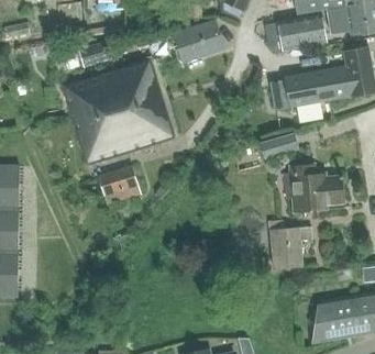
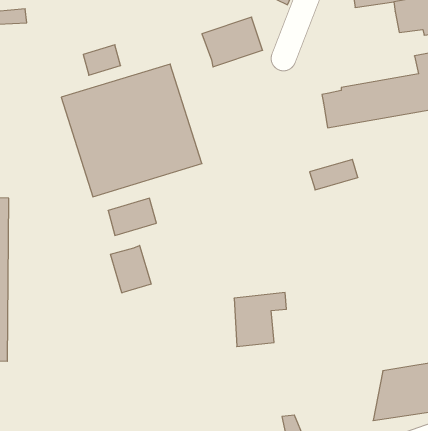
building: [278,13,326,49] -> none
building: [285,164,344,212] -> none
building: none -> [110,245,151,293]
building: [271,226,312,269] -> [234,293,286,347]

